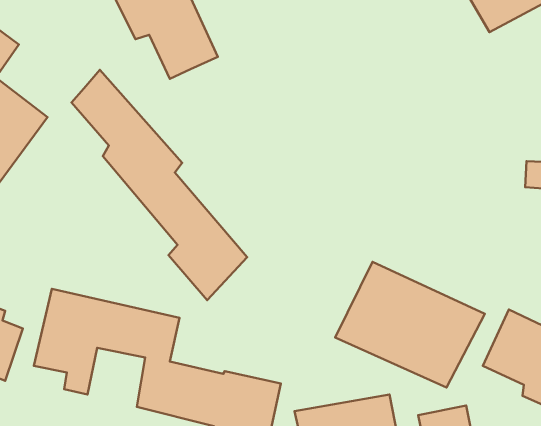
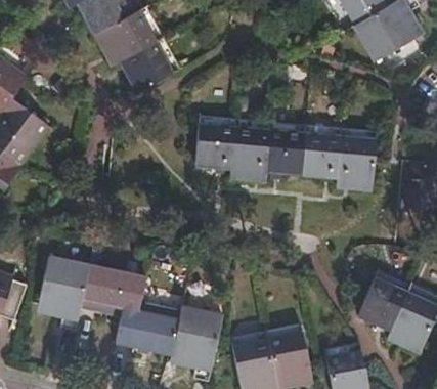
building: [71,70,247,300] -> none
building: none -> [194,121,378,193]
building: [335,262,485,388] -> none

